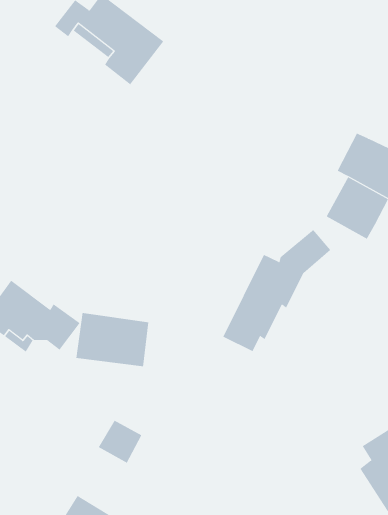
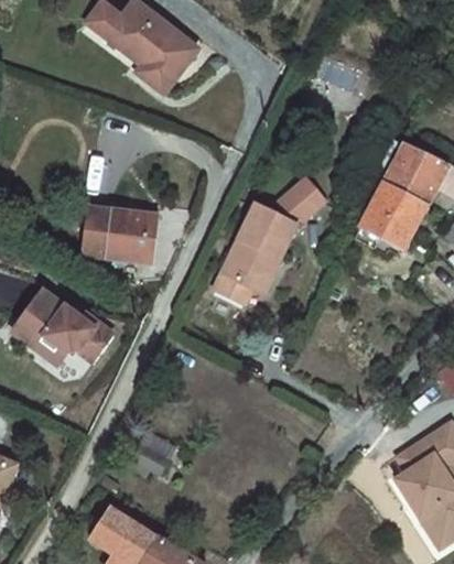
building: [222,229,331,352] -> [214,178,324,303]
building: [75,312,149,367] -> [83,206,158,261]

